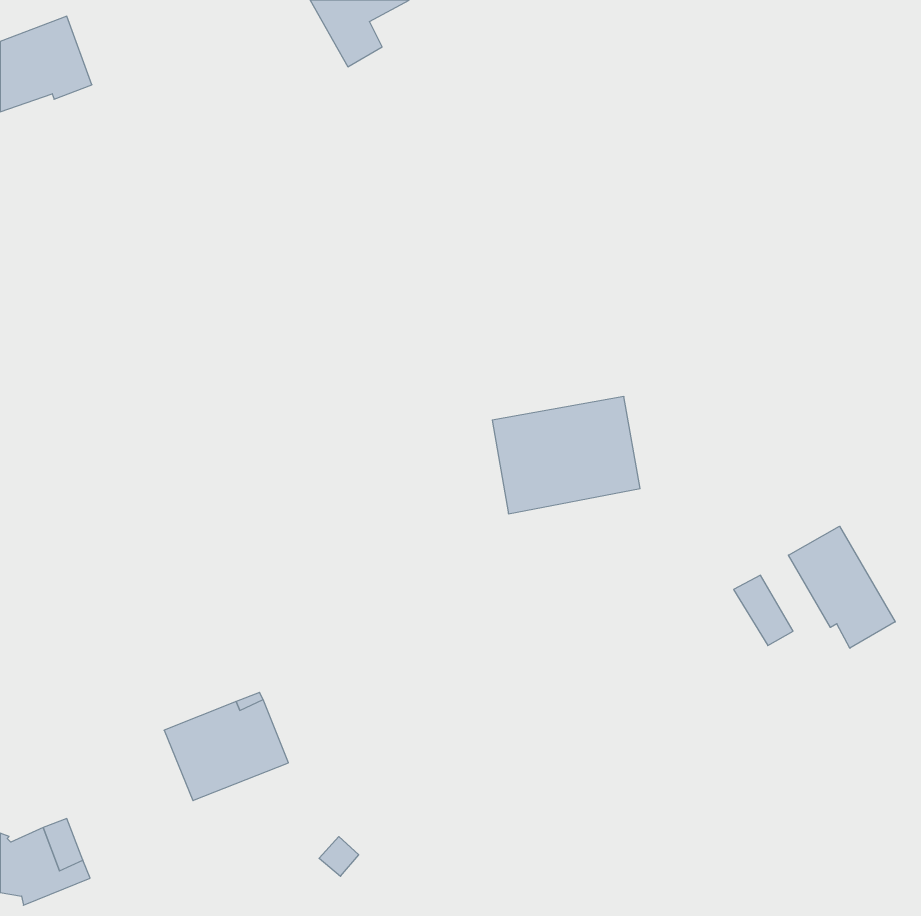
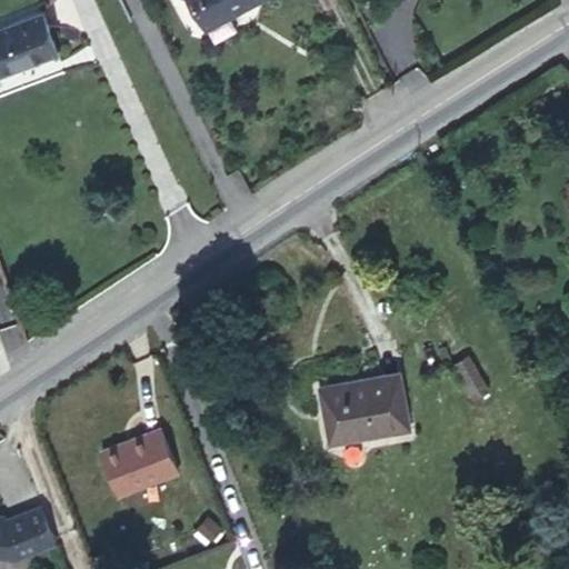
building: [492,397,640,514] -> [319,375,410,447]
building: [788,526,895,648] -> none

